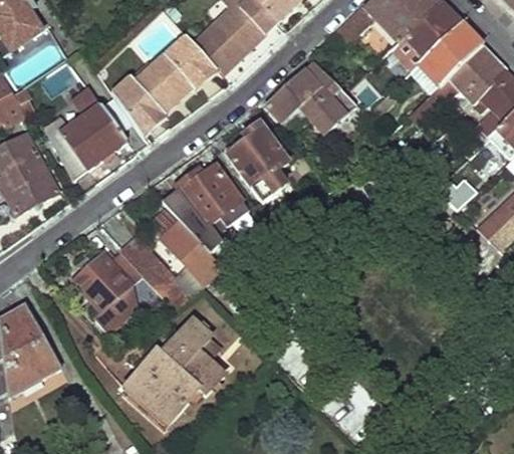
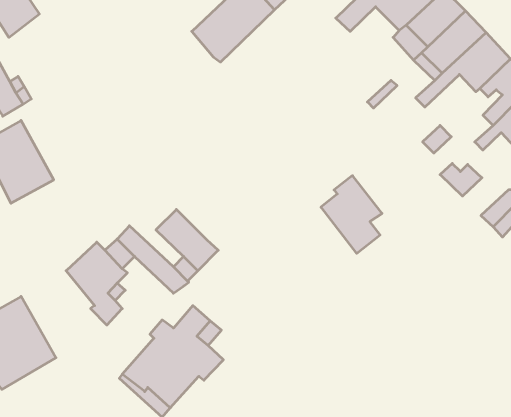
building: [111,36,216,132] -> none
building: [267,62,356,136] -> none
building: [45,84,125,173] -> none
building: [229,126,289,202] -> [321,176,382,253]
building: [161,163,248,250] -> none

